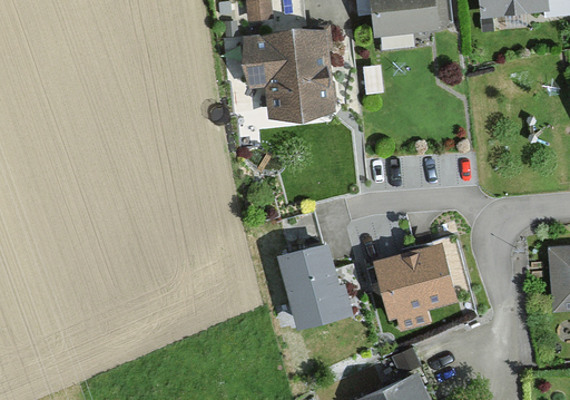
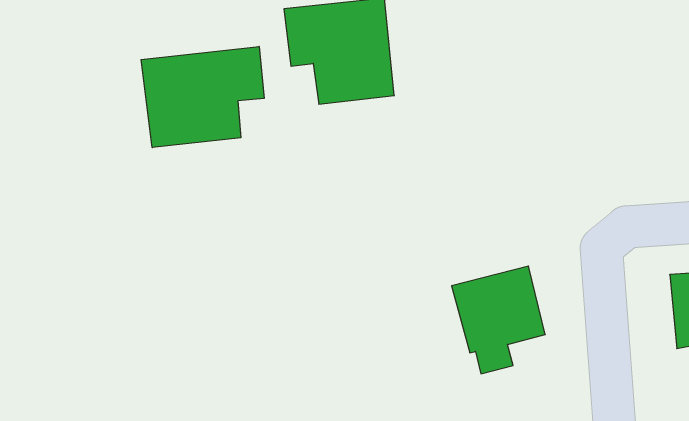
building: none -> [141,46,264,148]
building: [278,242,343,324] -> none

